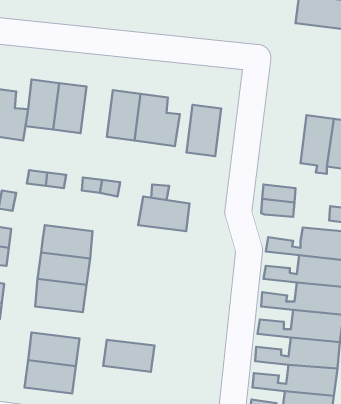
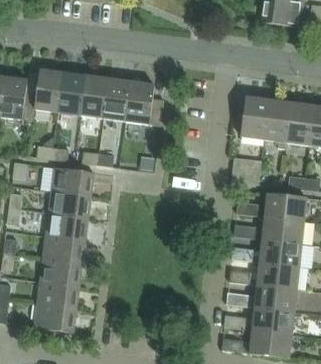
building: none -> [80,75,107,117]
building: [187,105,221,156] -> [240,96,269,139]
building: [138,196,190,231] -> [50,167,93,196]
building: [103,340,154,372] -> [39,259,82,286]

